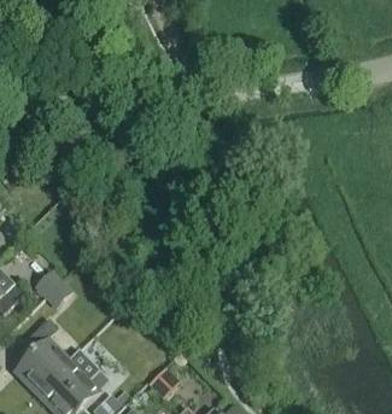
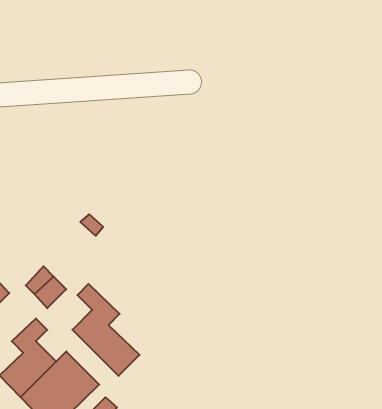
building: none -> [72,284,140,376]

